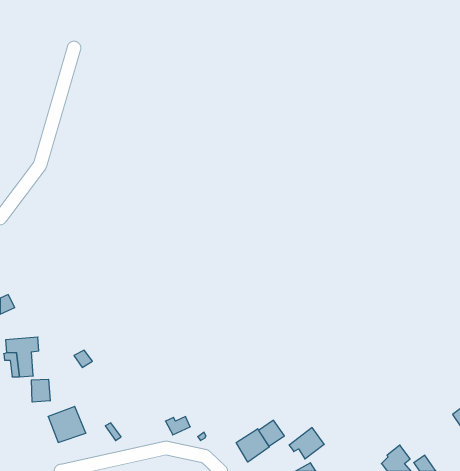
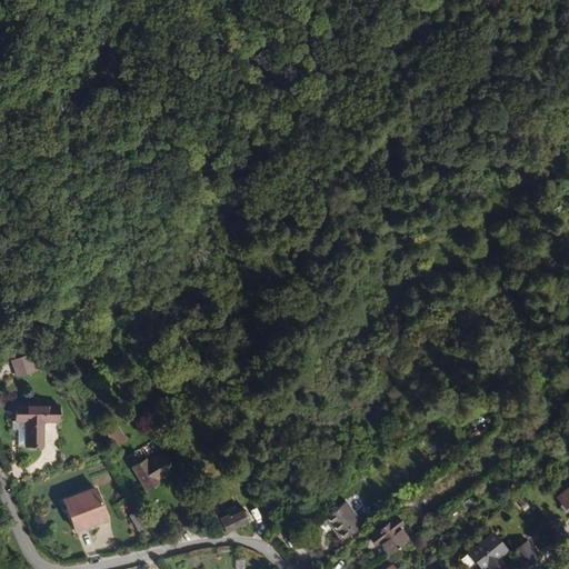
building: none -> [124,453,167,491]
building: [31,379,50,402] -> none
building: [236,429,269,462] -> none

